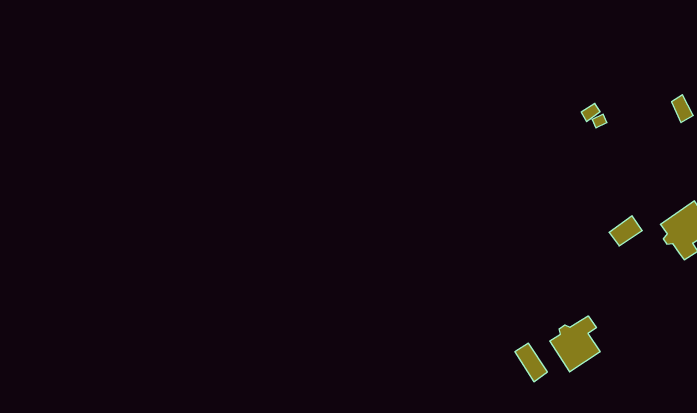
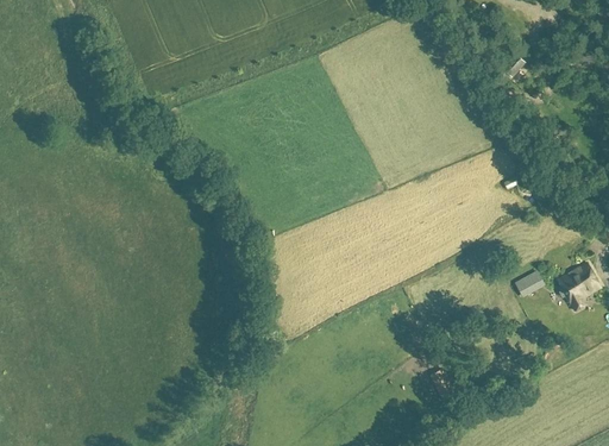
building: [550,316,600,372] -> none

